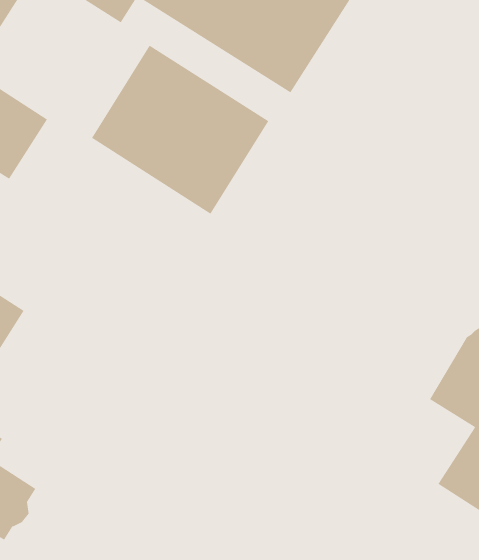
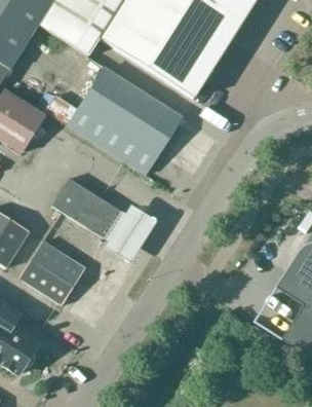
building: none -> [52,179,121,238]
building: none -> [104,214,155,270]
building: none -> [20,242,84,305]

